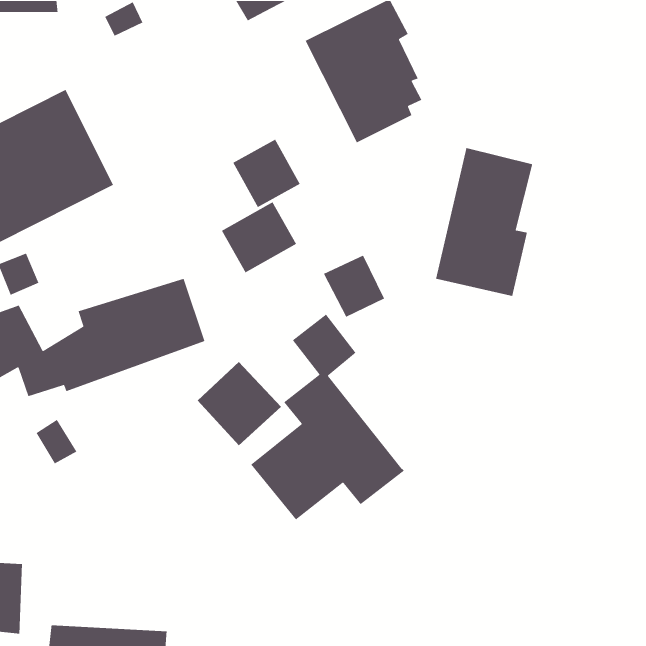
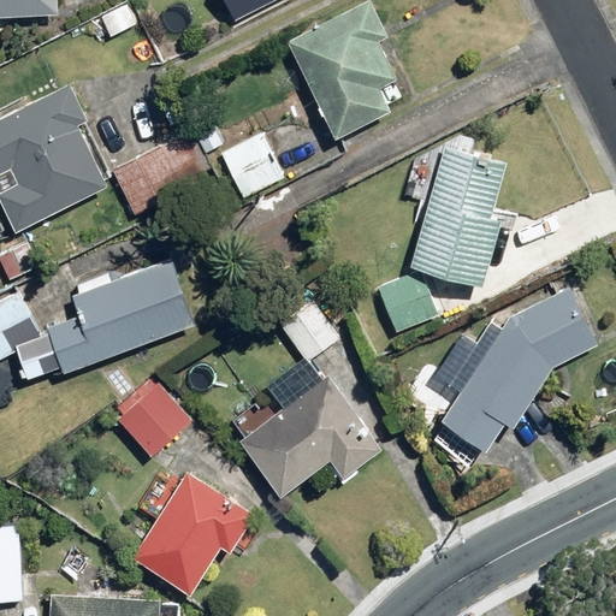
building: [221,201,297,274] -> [113,144,185,213]
building: [323,254,385,318] -> [378,273,437,333]
building: none -> [439,285,599,452]
building: [197,361,282,446] -> [111,377,191,457]
building: none -> [130,472,249,594]

